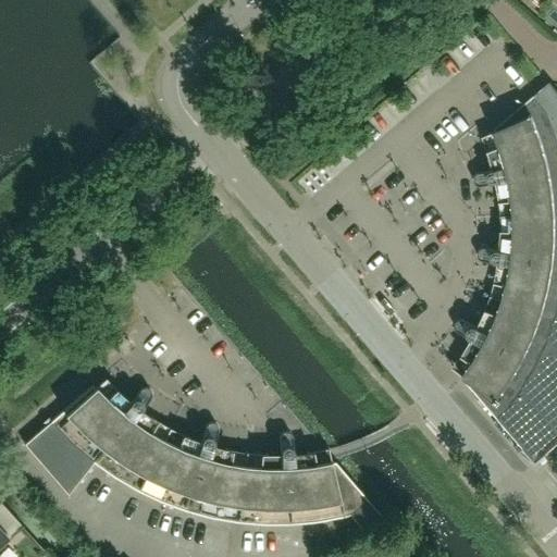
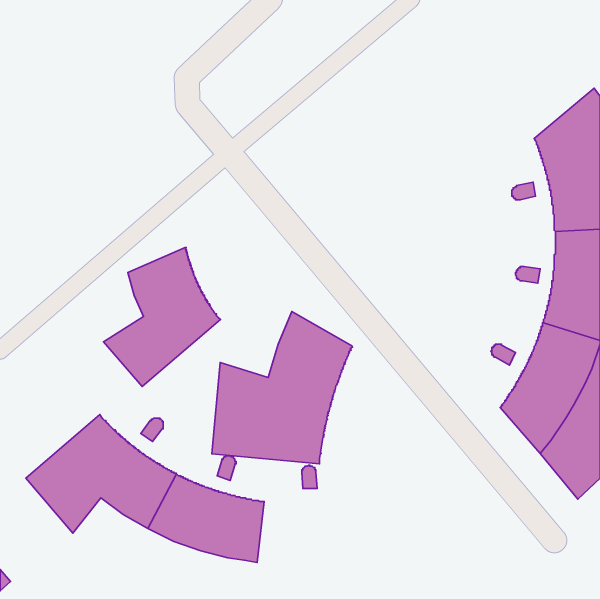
building: none -> [104,248,220,386]
building: none -> [212,311,352,464]
building: [238,461,384,533] -> none

